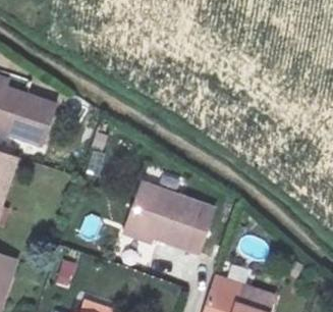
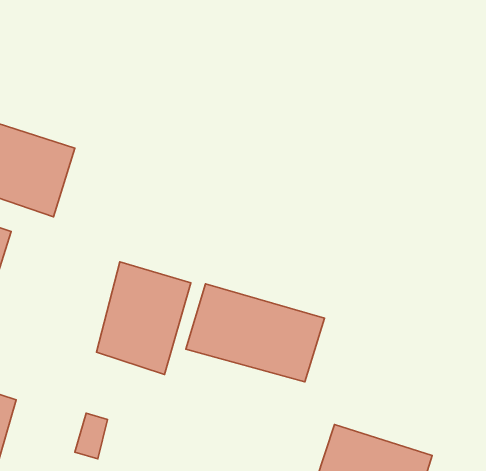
building: none -> [97,262,191,375]

